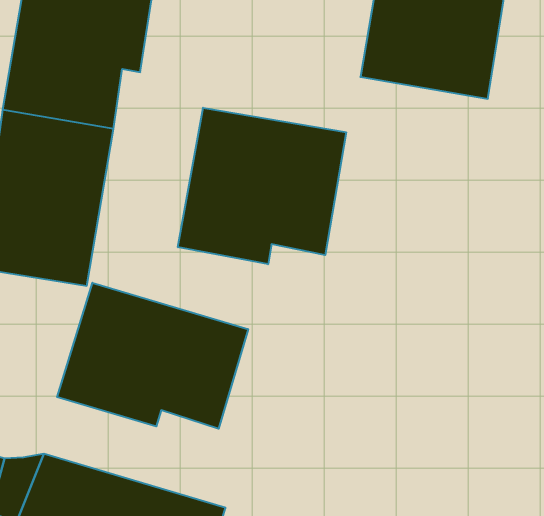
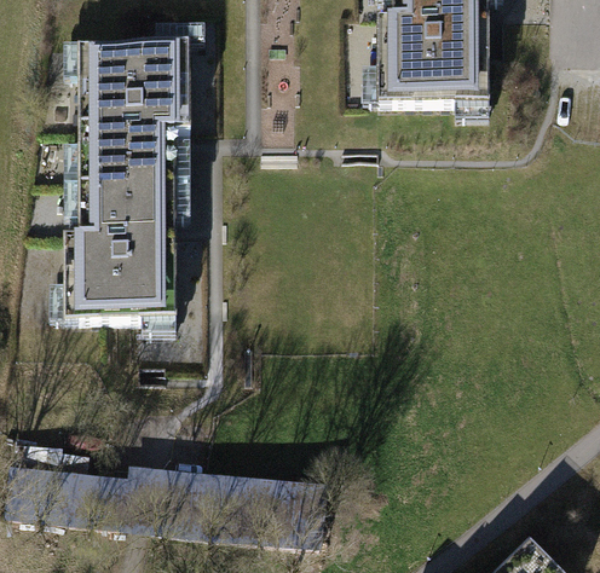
building: [178,108,346,264] -> none
building: [57,283,248,429] -> none

